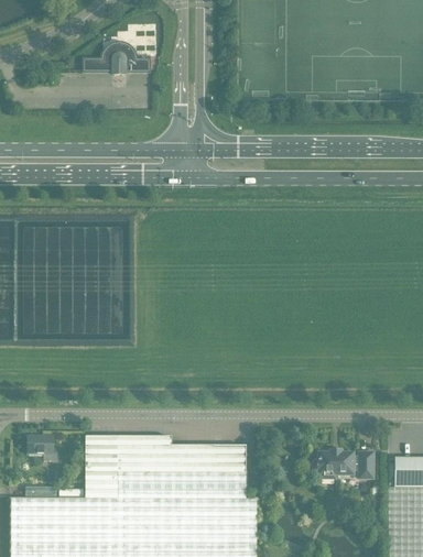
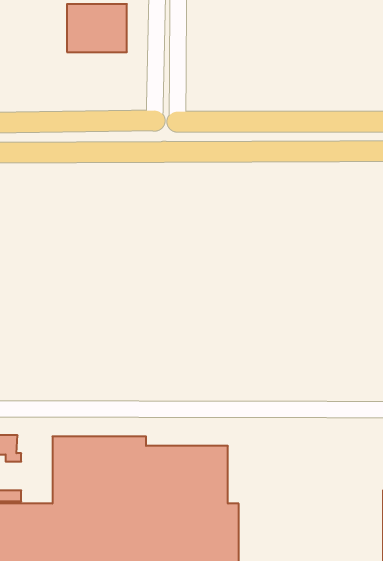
building: [312,452,372,481] -> none

